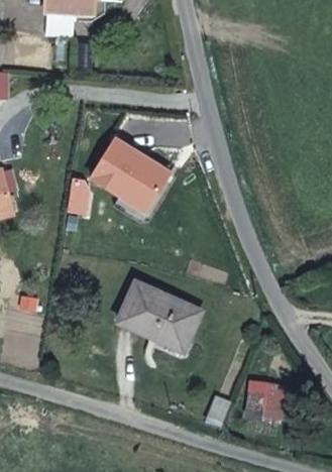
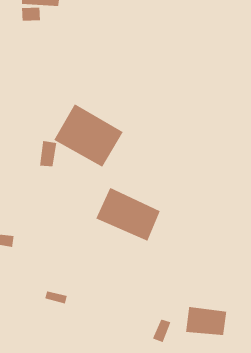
building: [117,283,198,351] -> [95,187,161,242]

